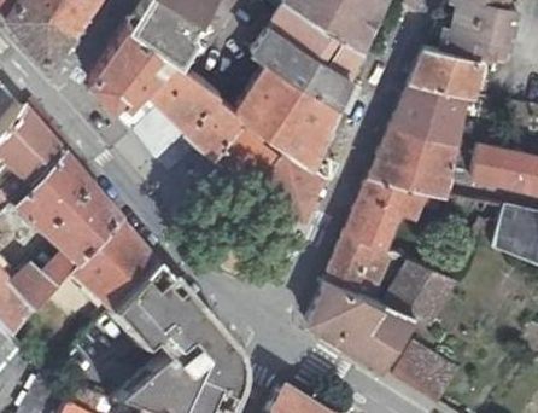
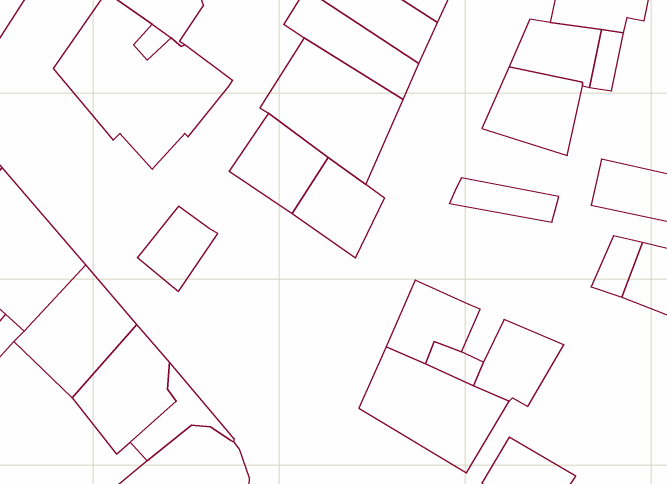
building: [188,93,245,153] -> [137,206,218,291]
building: [381,123,456,171] -> none
building: [349,176,445,248] -> none

